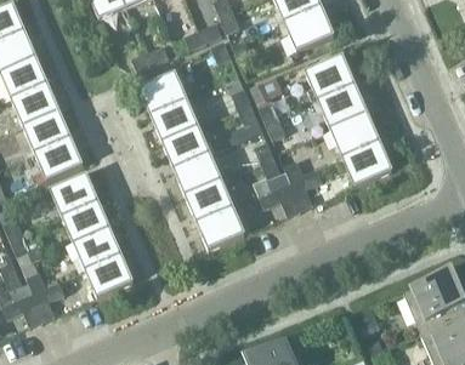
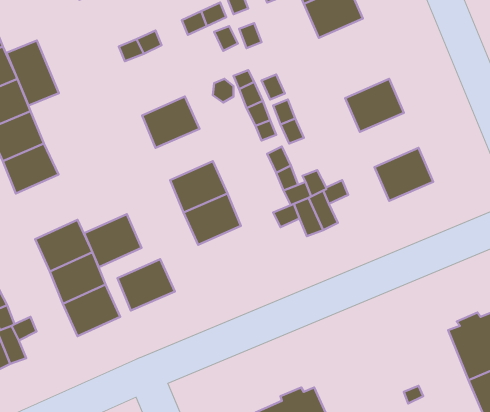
building: none -> [7,40,59,106]
building: [307,57,356,102] -> none
building: [140,74,187,116] -> none
building: [331,114,380,159] -> none
building: [163,127,210,170] -> none
building: [51,175,98,218] -> [84,214,141,267]
building: [198,207,245,250] -> [118,259,175,311]

